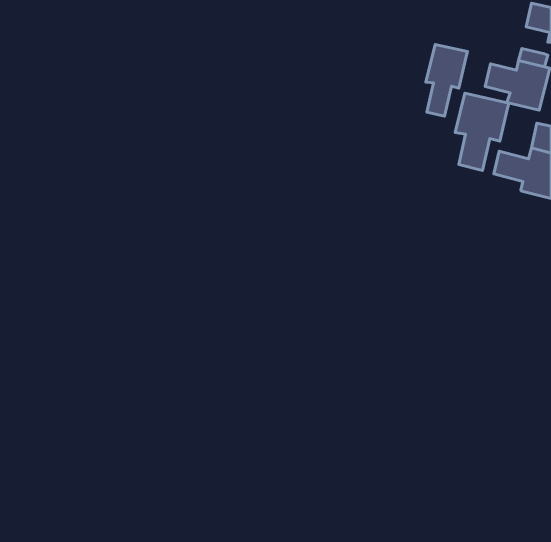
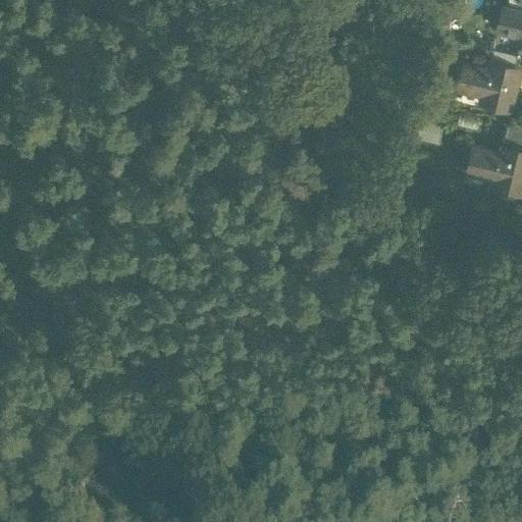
building: [426,44,468,116] -> none
building: [455,93,509,170] -> none

